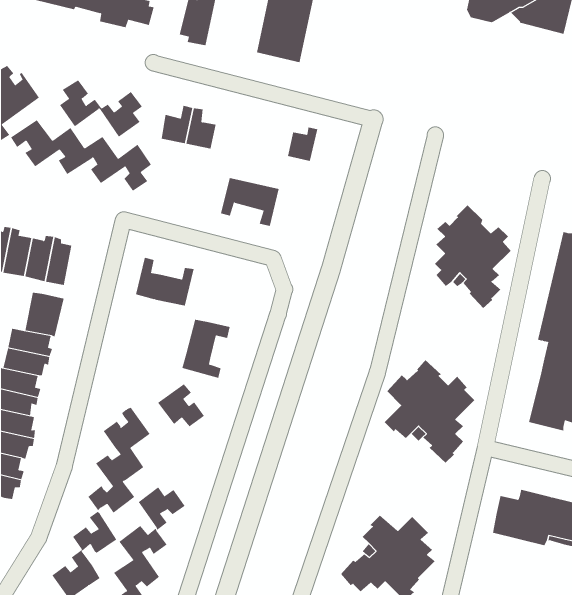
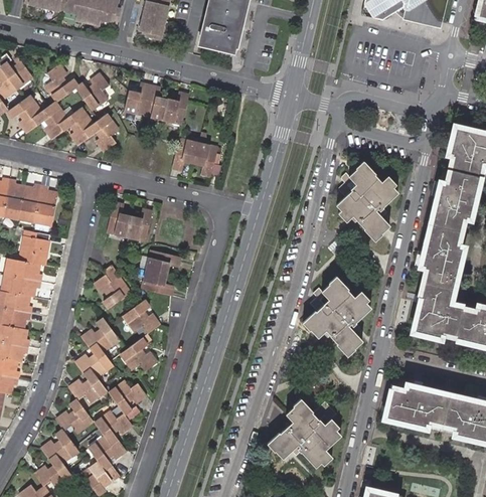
building: [287,127,318,161] -> [165,95,189,122]
building: none -> [93,266,130,307]
building: none -> [120,339,157,373]

